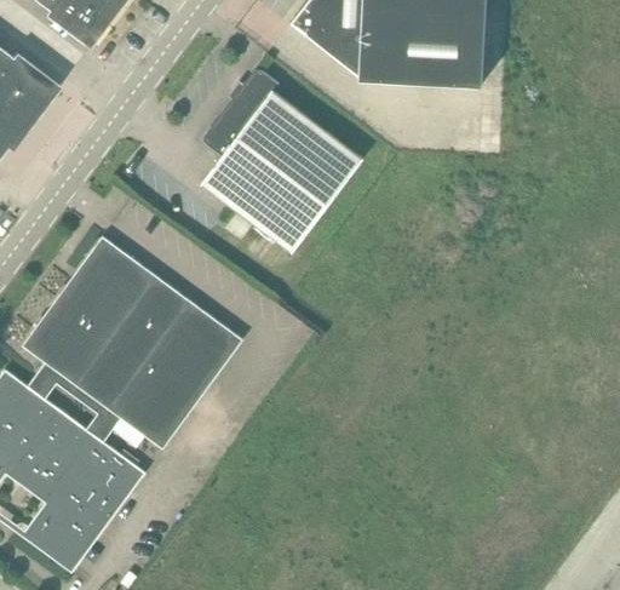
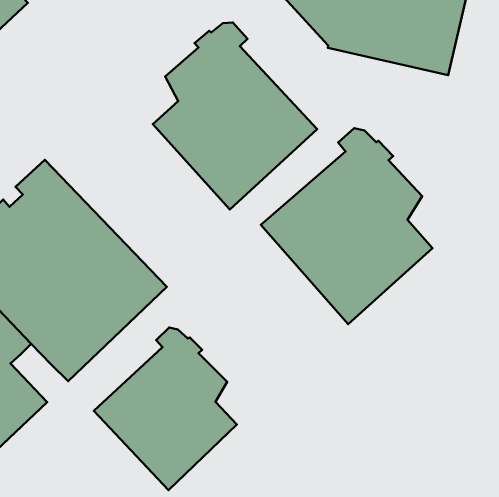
building: none -> [261,128,433,324]
building: none -> [94,328,237,490]

